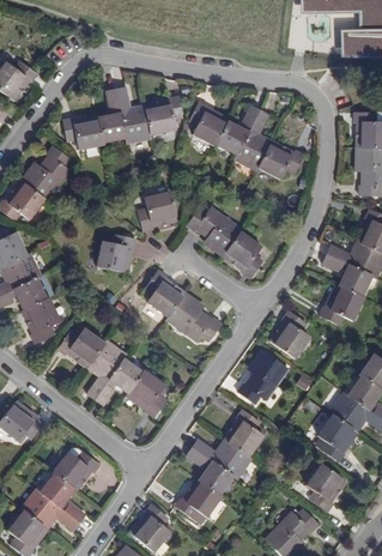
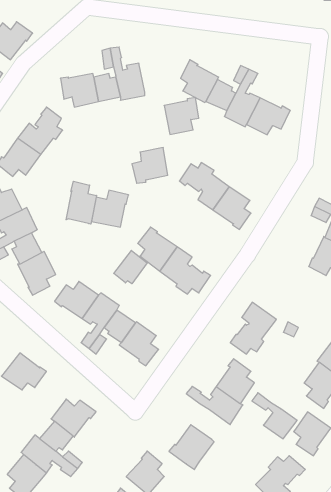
building: [145,95,181,133] -> [164,98,199,134]
building: none -> [66,181,97,224]
building: none -> [114,250,147,284]
building: [269,314,309,359] -> none
building: [188,446,235,494] -> [252,393,297,439]

